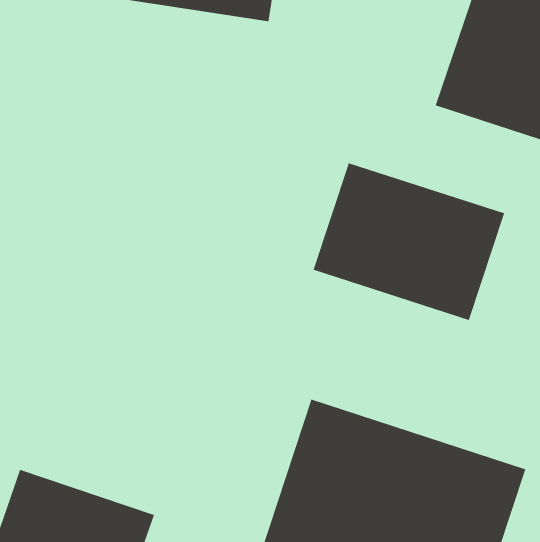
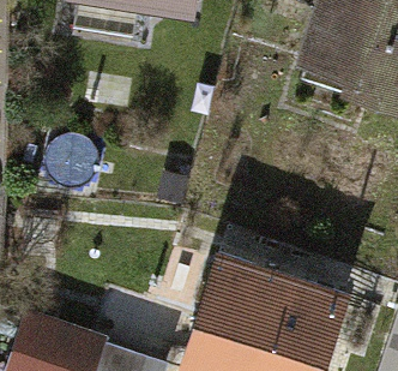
building: [313,162,505,321] -> none

